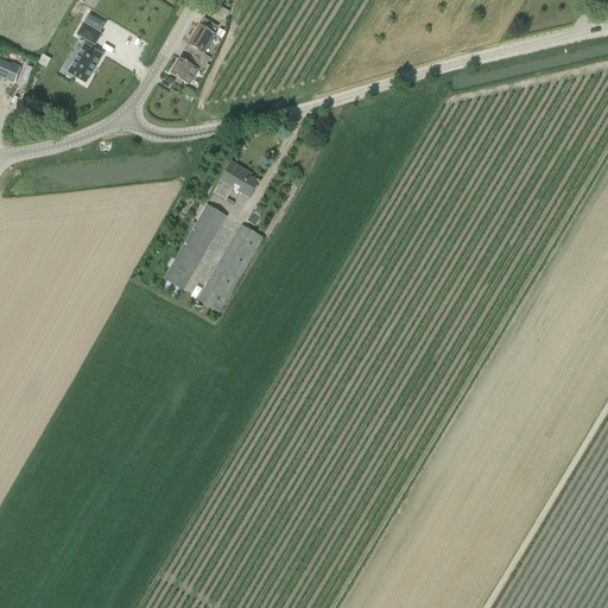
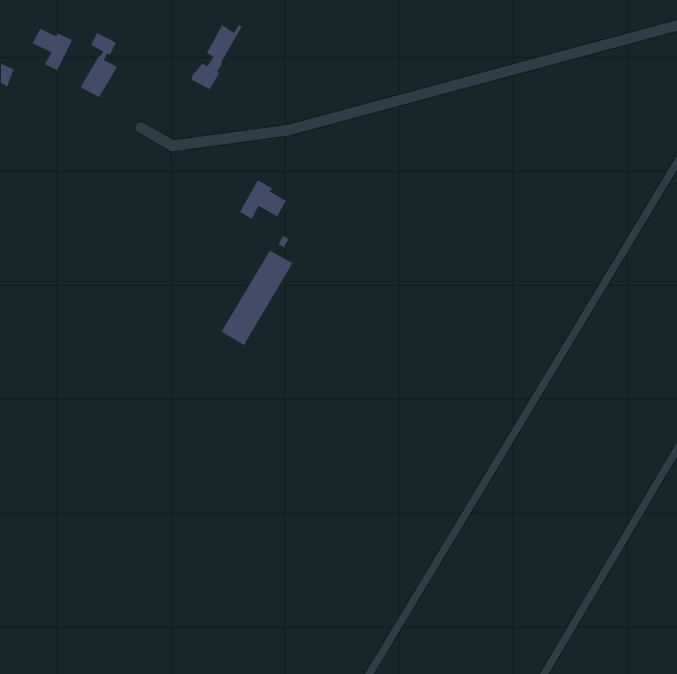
building: none -> [32,28,73,71]
building: [163,202,227,293] -> none

